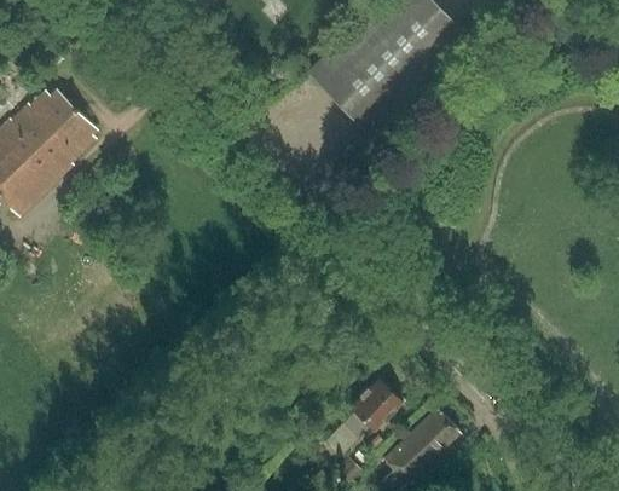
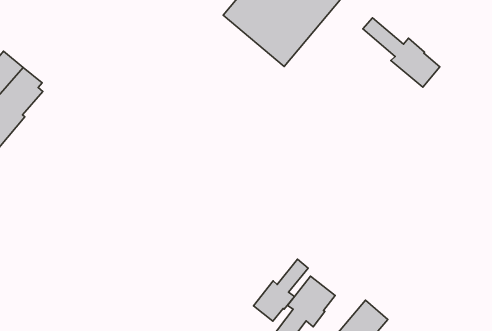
building: none -> [363,18,440,87]
building: none -> [254,259,308,321]

